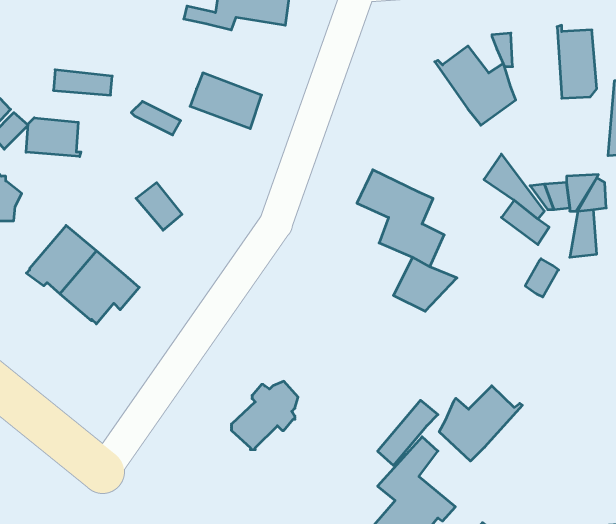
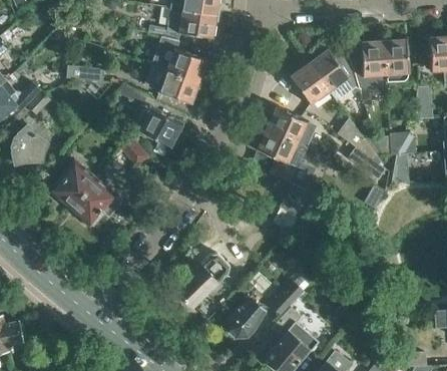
building: none -> [152,36,205,81]
building: none -> [361,38,387,88]
building: none -> [291,60,328,103]
building: [26,118,81,157] -> none
building: none -> [139,108,181,156]
building: none -> [268,108,307,142]
building: [439,386,522,461] -> none
building: none -> [228,299,266,337]

